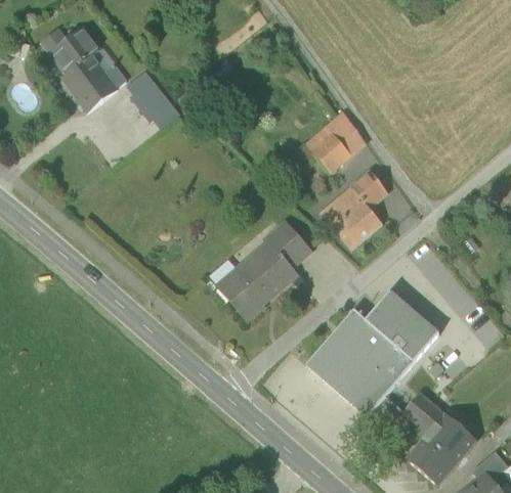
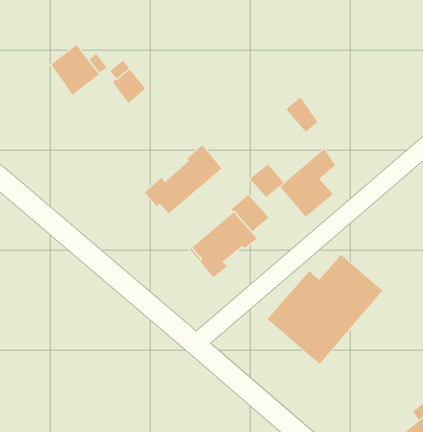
building: [51,29,99,73] -> none
building: [310,132,350,171] -> [249,163,284,198]
building: none -> [144,144,222,214]
building: [407,397,475,484] -> none

